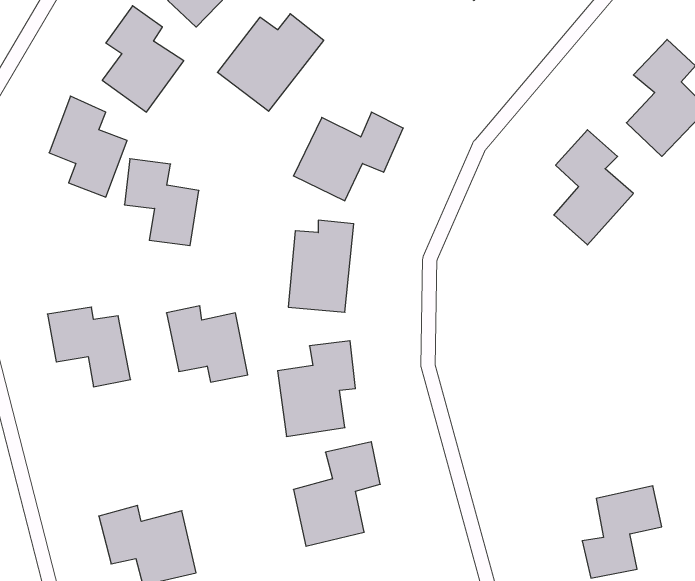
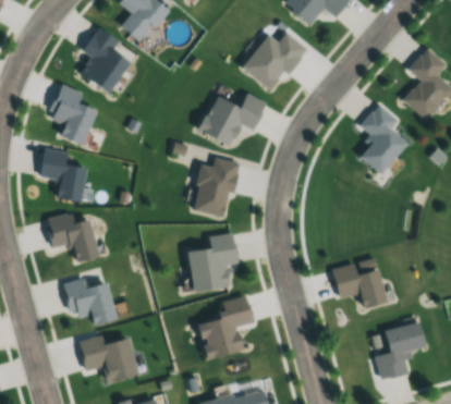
building: [217,14,324,111] -> [241,32,306,91]
building: [124,159,199,246] -> [40,148,86,201]
building: [166,306,248,382] -> [65,278,115,325]
building: none -> [332,264,386,308]

